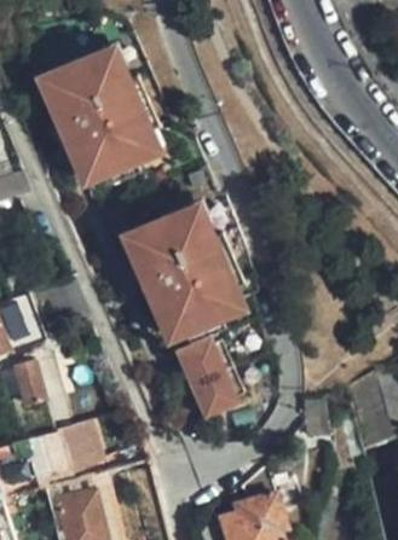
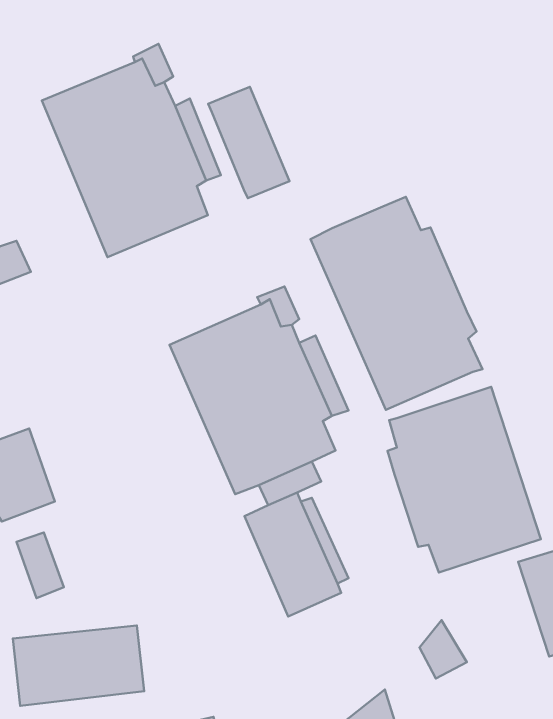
building: none -> [208,87,289,198]
building: none -> [311,197,483,410]
building: none -> [388,387,541,572]

